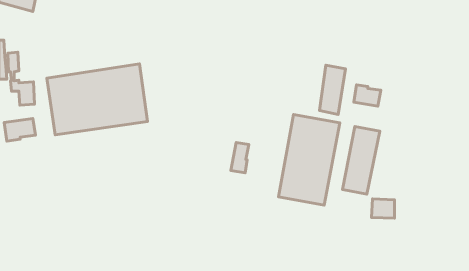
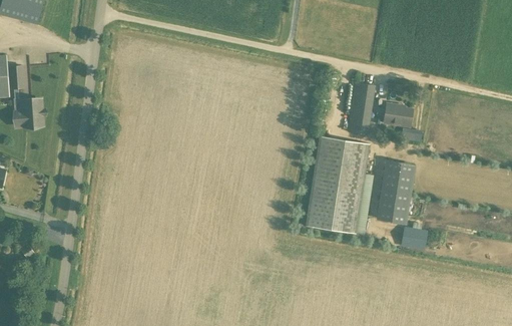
building: [47,64,148,135] -> none
building: [4,119,35,141] -> none
building: [231,142,249,173] -> none

